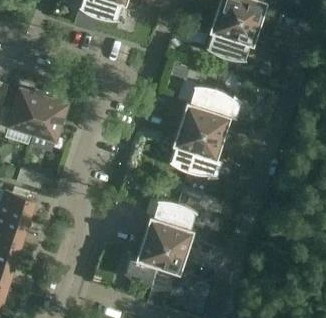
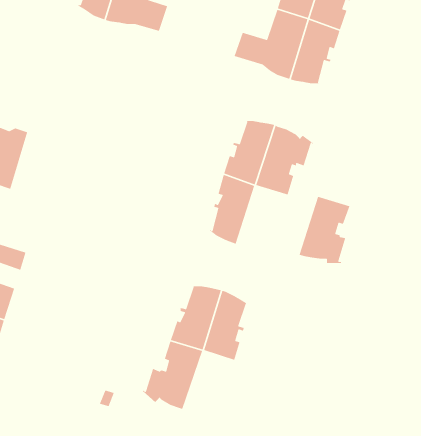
building: [32,94,67,141] -> none
building: [188,131,224,178] -> [299,196,351,264]
building: [151,245,187,293] -> none

